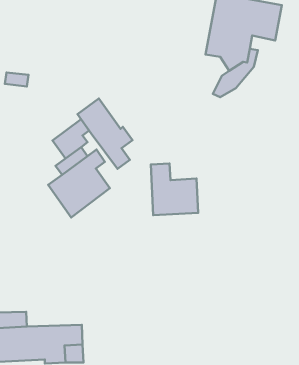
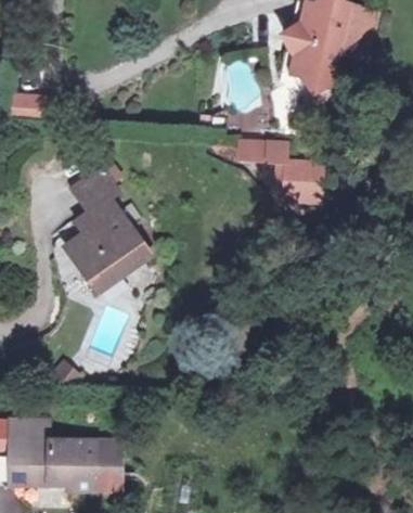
building: [78,98,133,169] -> none
building: [151,164,198,215] -> [261,140,324,208]

